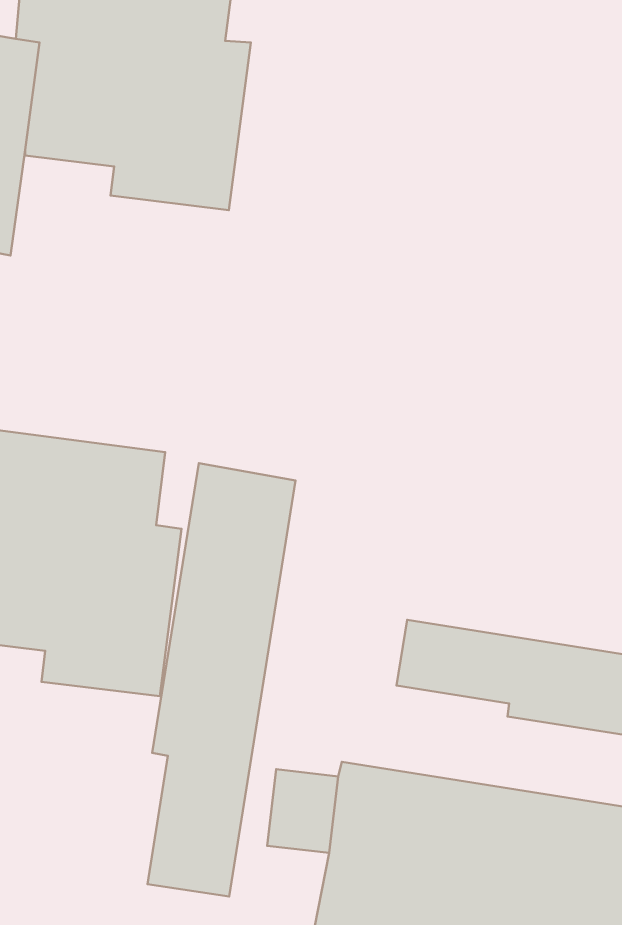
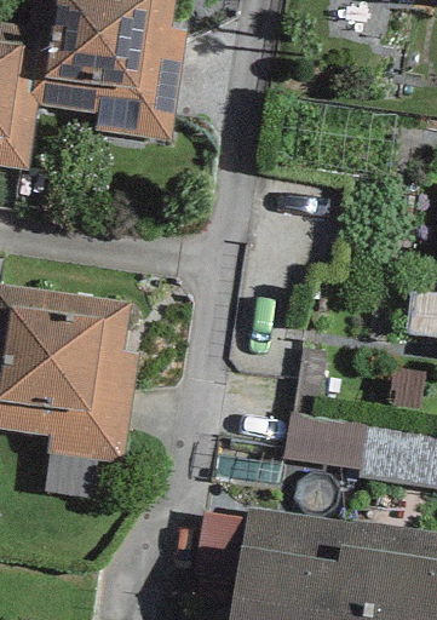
building: [148,463,295,897] -> none

